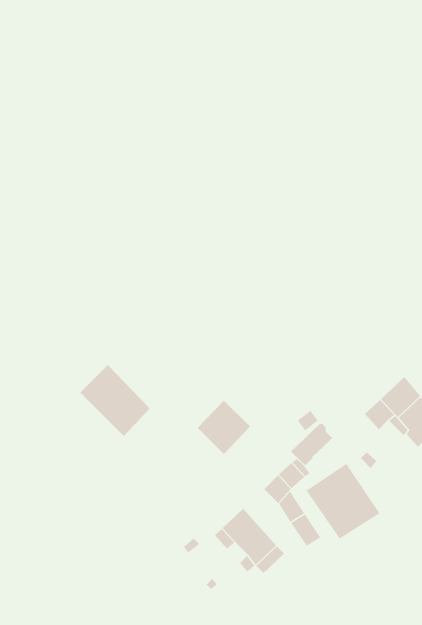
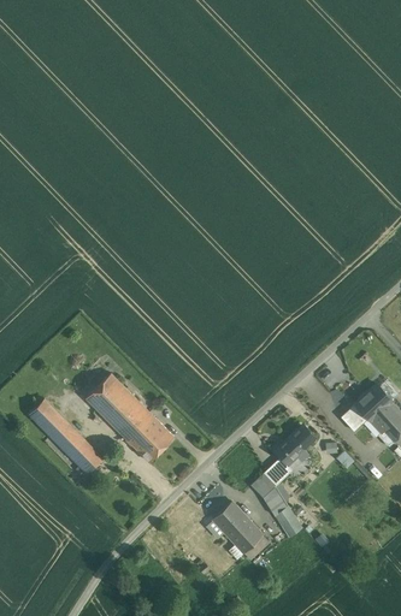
building: none -> [29,399,102,474]
building: [197,400,251,455] -> [125,413,173,462]
building: [305,463,380,540] -> none

